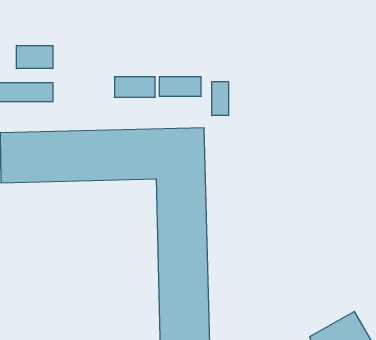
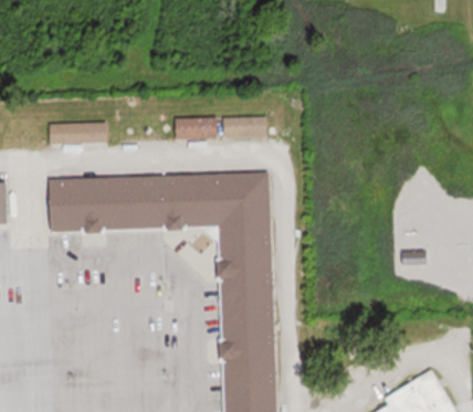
building: [16,45,53,69] -> none
building: [212,82,228,116] -> none

